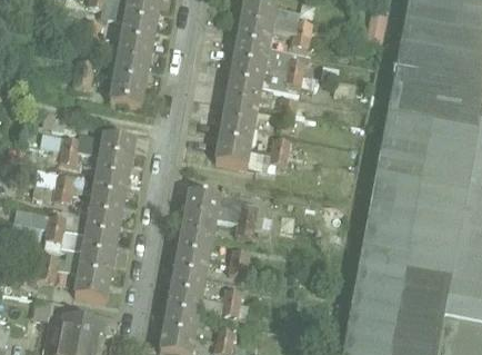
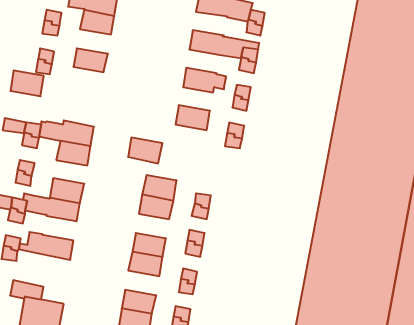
building: [237,22,272,47] -> none
building: [117,40,152,66] -> none
building: [230,61,264,86] -> none
building: [110,79,144,106] -> [10,70,44,96]
building: [222,100,258,125] -> none
building: [215,139,251,166] -> [128,138,162,163]
building: [92,176,128,200] -> none
building: [178,231,212,257] -> none
building: [81,234,117,259] -> none
building: [74,273,110,299] -> none
building: [167,290,202,316] -> none

